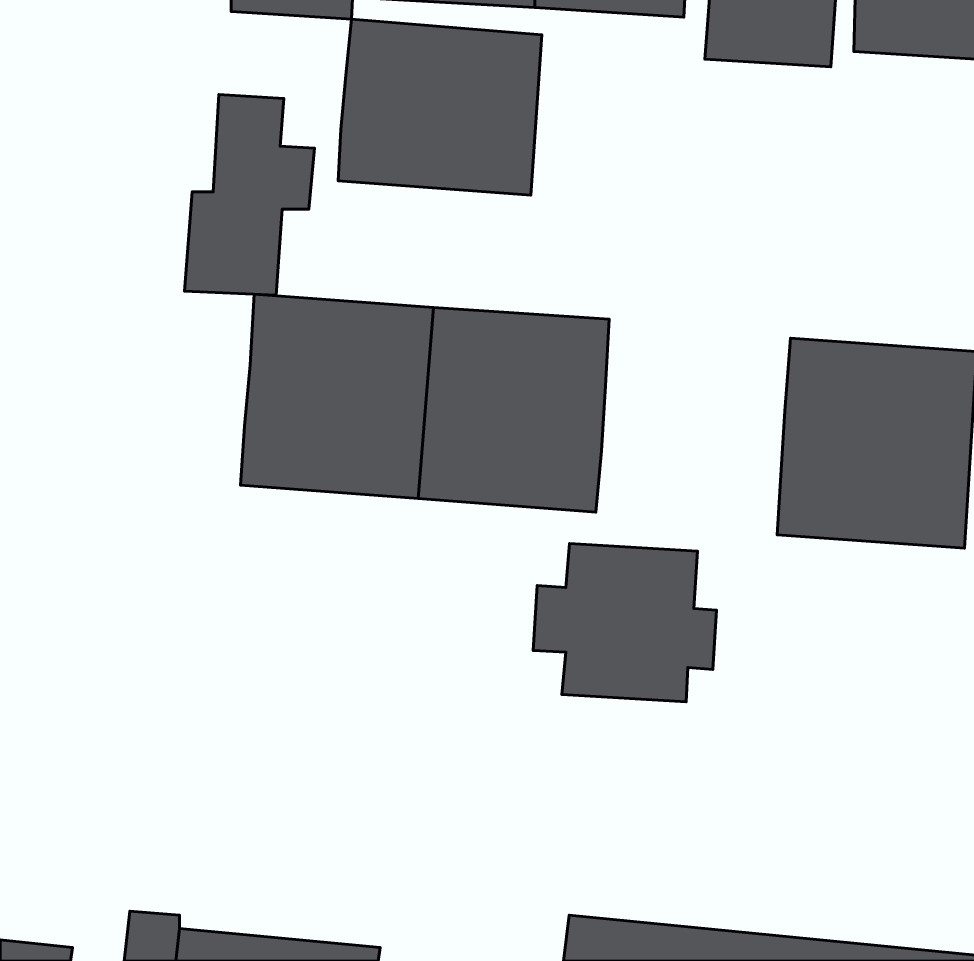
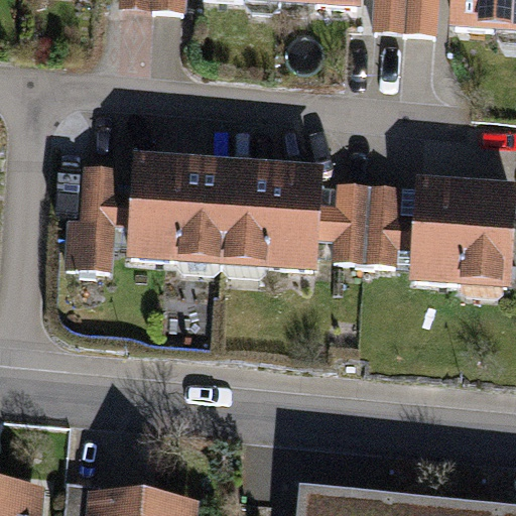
building: [338,19,542,195] -> none
building: [185,95,314,295] -> [64,164,133,270]
building: [533,543,717,702] -> [318,181,415,265]

